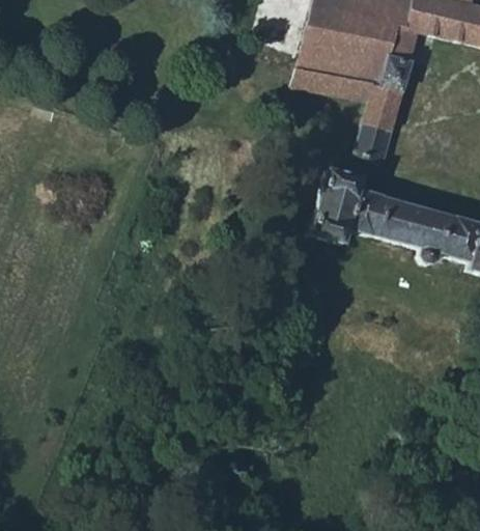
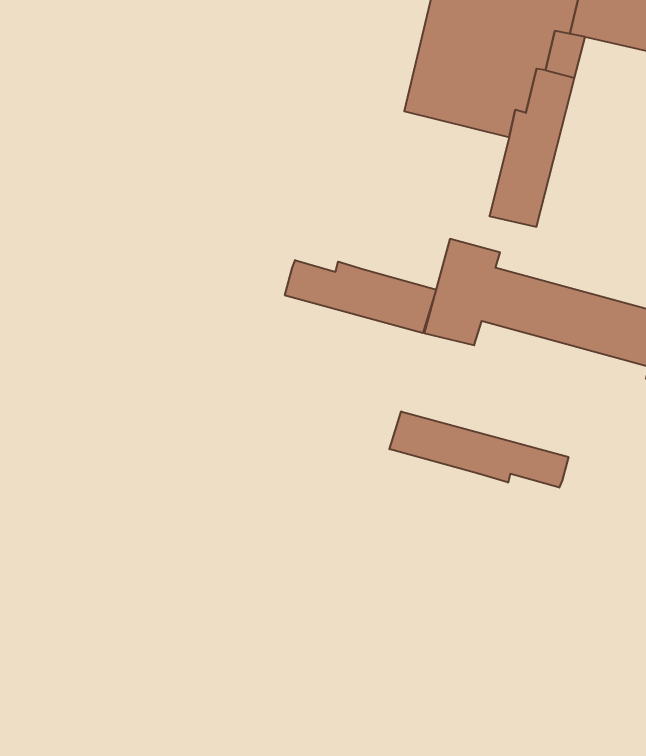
building: none -> [285,260,436,333]
building: none -> [389,411,568,488]

